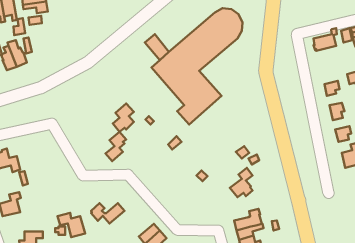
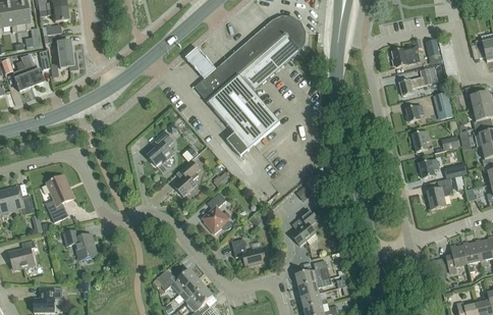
building: none -> [56,40,75,68]
building: none -> [399,65,438,95]
building: [105,132,126,161] -> [174,159,200,195]
building: none -> [42,174,73,221]
building: none -> [202,192,231,233]
building: none -> [231,238,266,266]
building: [91,203,125,223] -> [157,268,198,293]
building: [58,213,85,237] -> [63,229,97,259]

